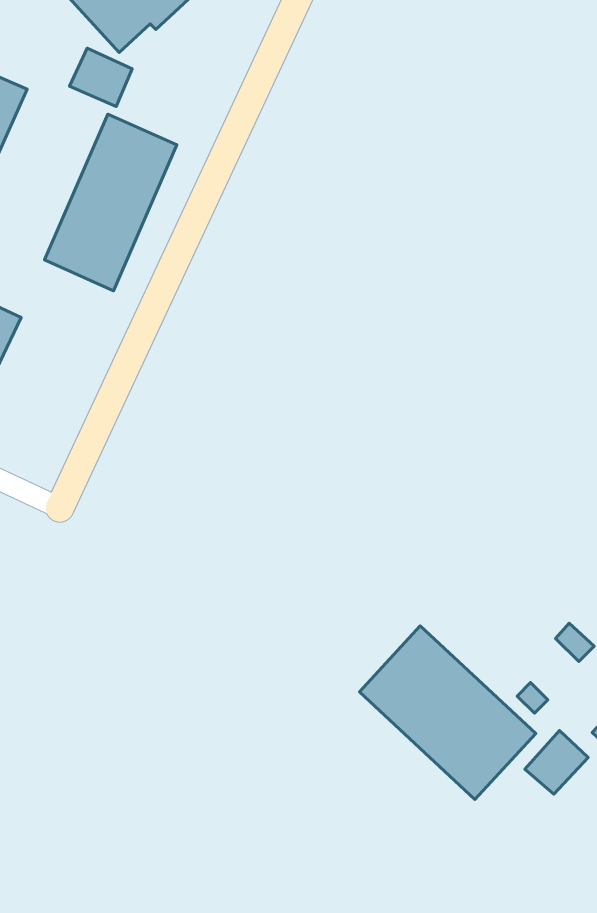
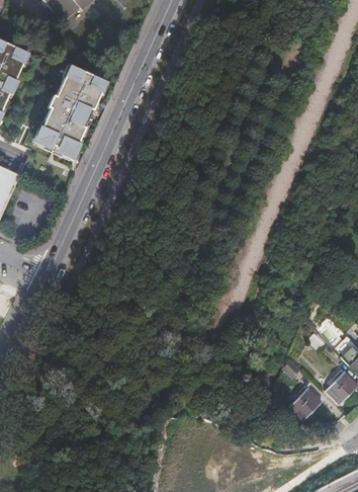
building: [69,48,132,107] -> none
building: [359,626,536,800] -> none

